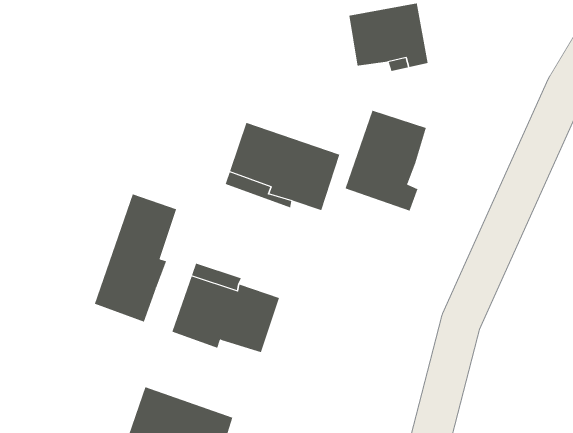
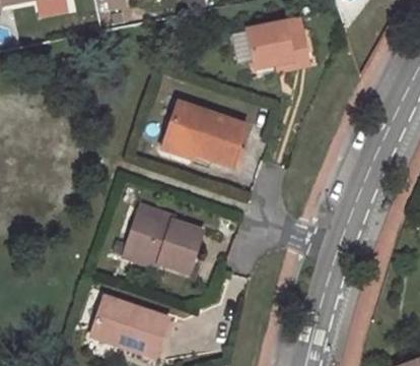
building: [345,110,427,211] -> none
building: [94,194,177,323] -> none

